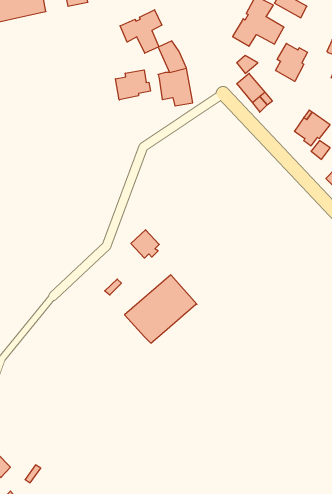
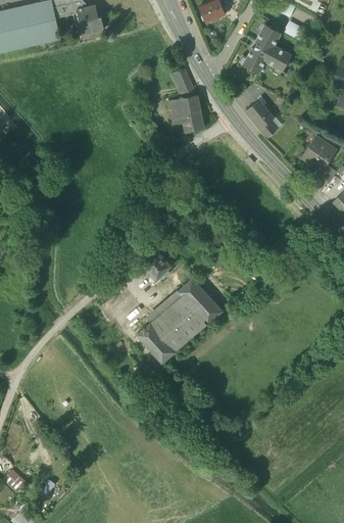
building: [120,10,162,53] -> none
building: [276,43,307,81] -> none
building: [115,70,150,100] -> none
building: none -> [178,278,222,324]

